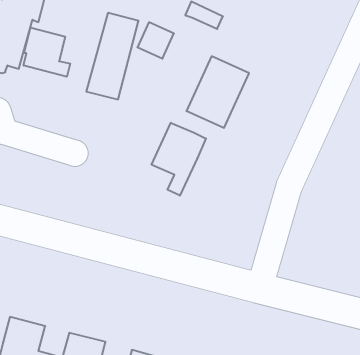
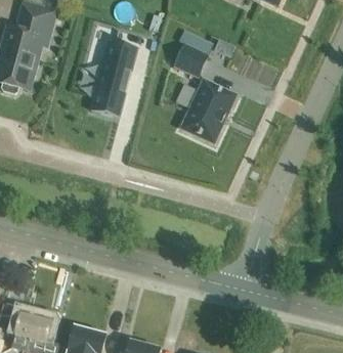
building: [137,22,174,59] -> [175,43,208,76]
building: [24,28,70,77] -> none
building: [152,123,206,196] -> none

